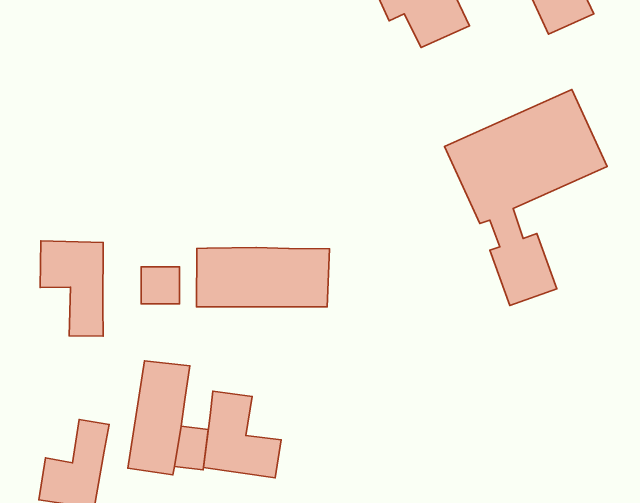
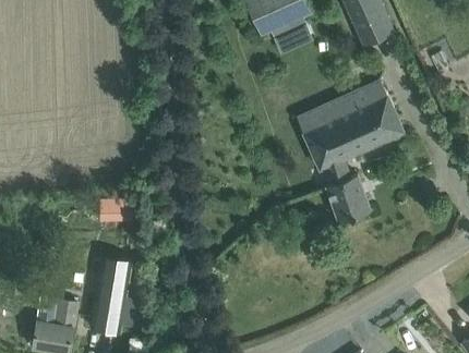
building: [40,241,103,336] -> none
building: [197,248,330,307] -> none
building: [203,391,281,478] -> none

